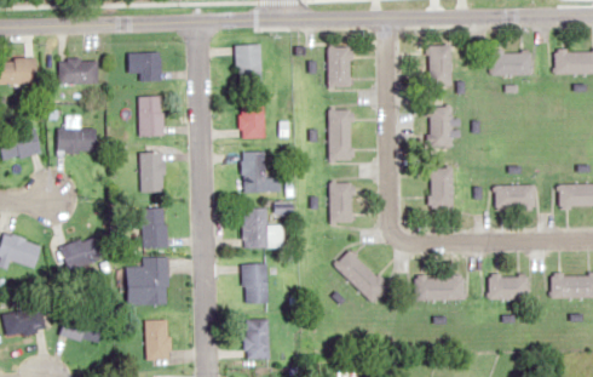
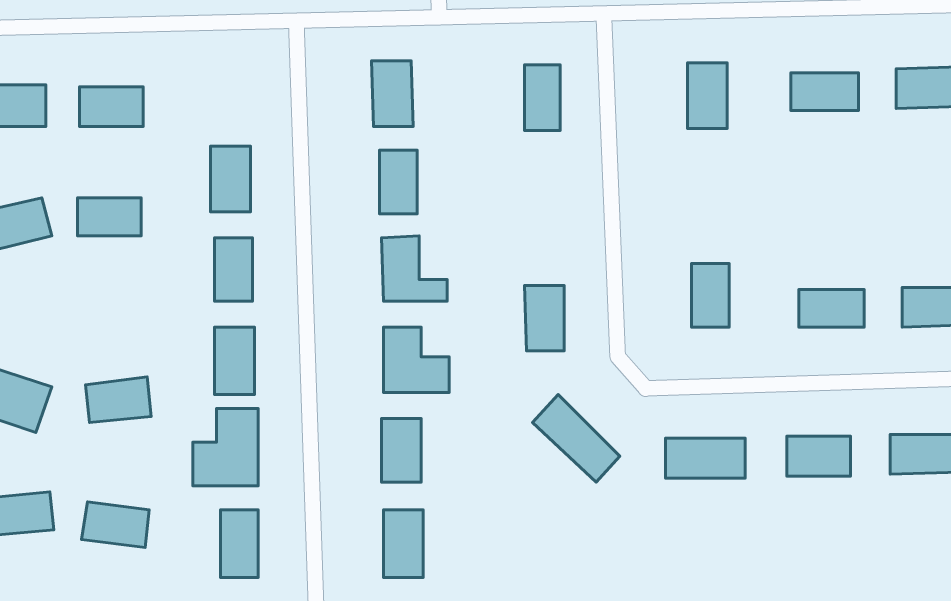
building: [128,53,160,81] -> none
building: [430,108,453,148] -> none
building: [329,110,353,160] -> none

